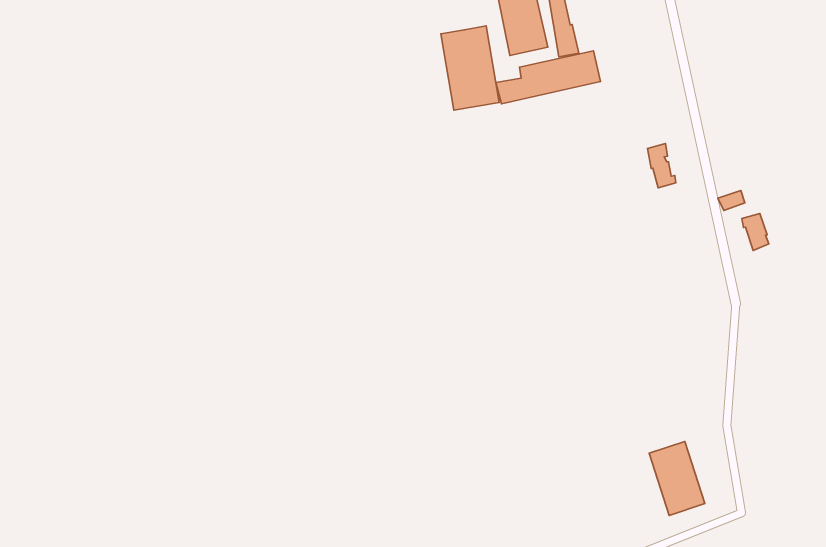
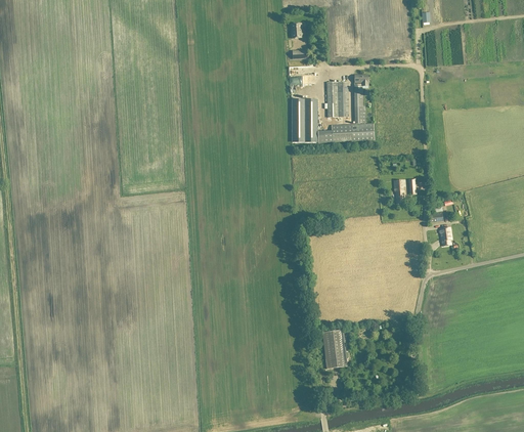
building: [649,441,705,515] -> [323,331,349,370]

